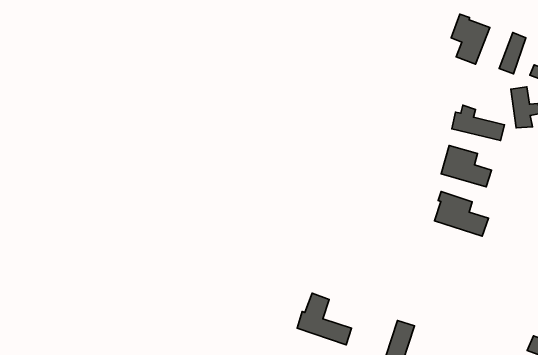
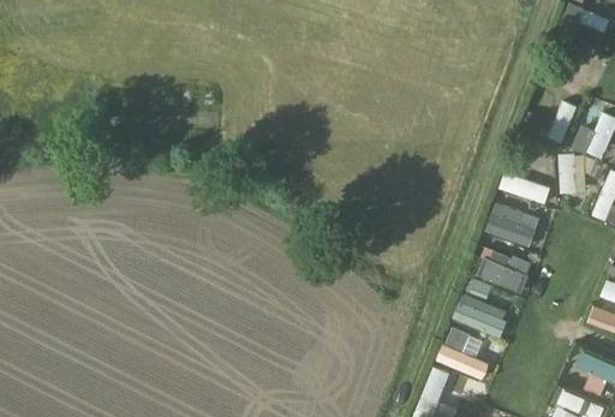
building: [451,14,490,64] -> none
building: none -> [453,296,507,335]
building: [297,293,351,345] -> [437,326,489,377]

